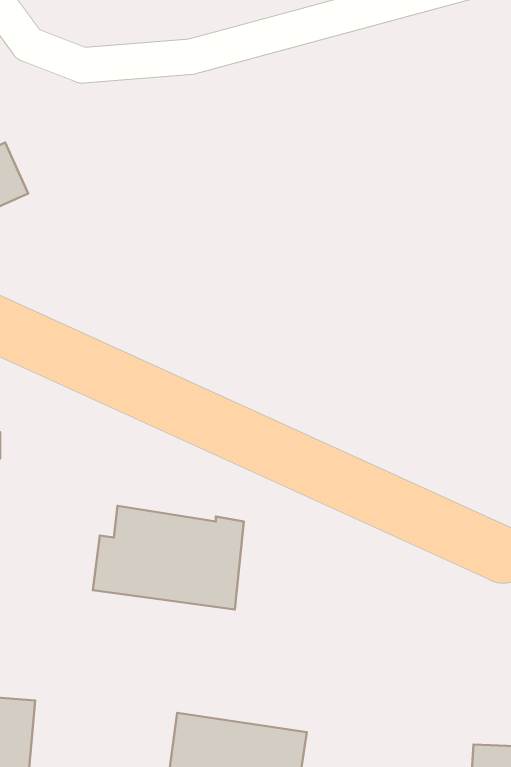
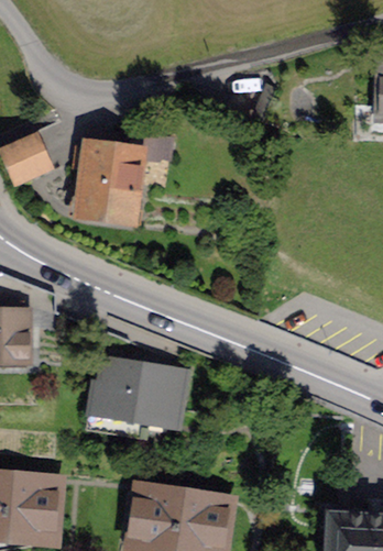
building: none -> [77,133,171,216]

